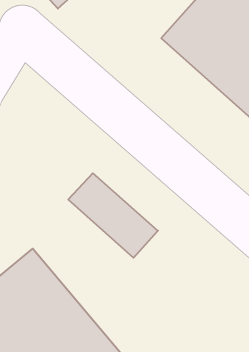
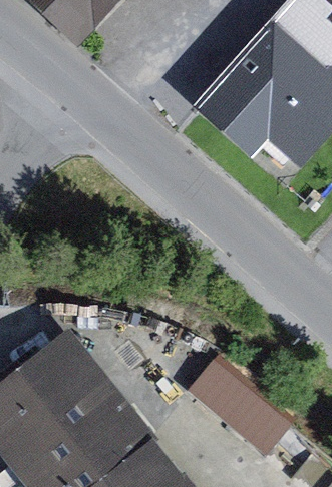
building: [68,173,158,258] -> [182,335,288,435]

